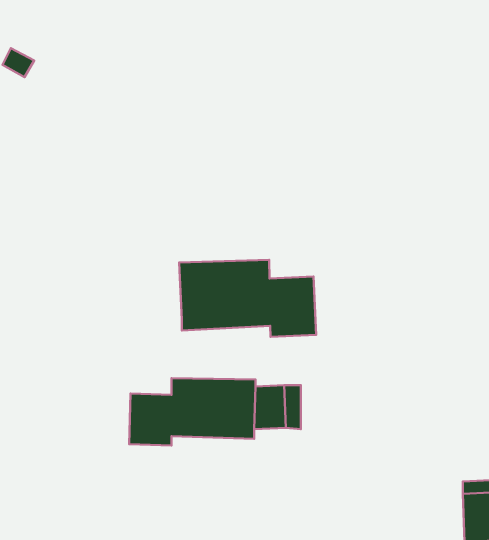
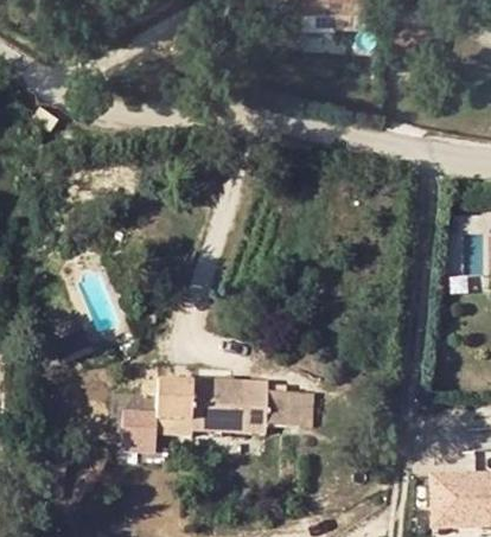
building: [179,260,316,337] -> none

